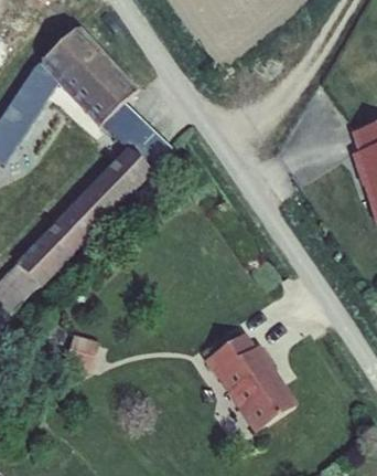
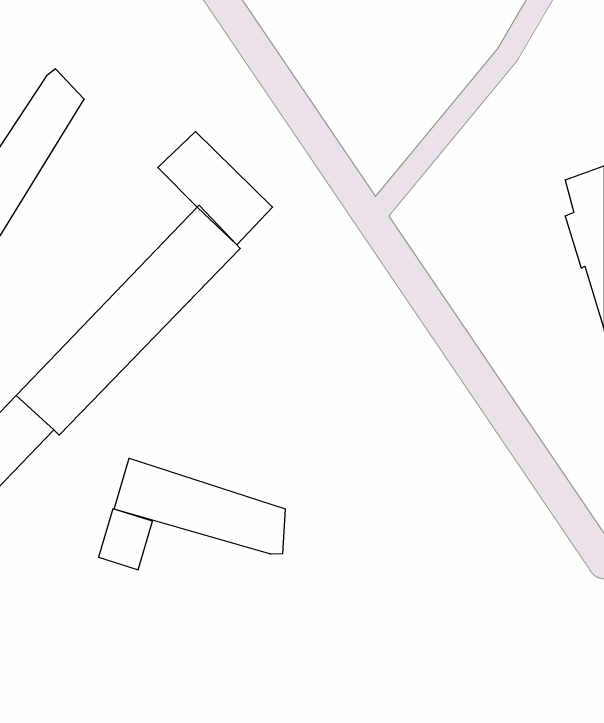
building: [39,29,132,125] -> none
building: none -> [114,458,285,554]
building: [204,331,298,432] -> none

